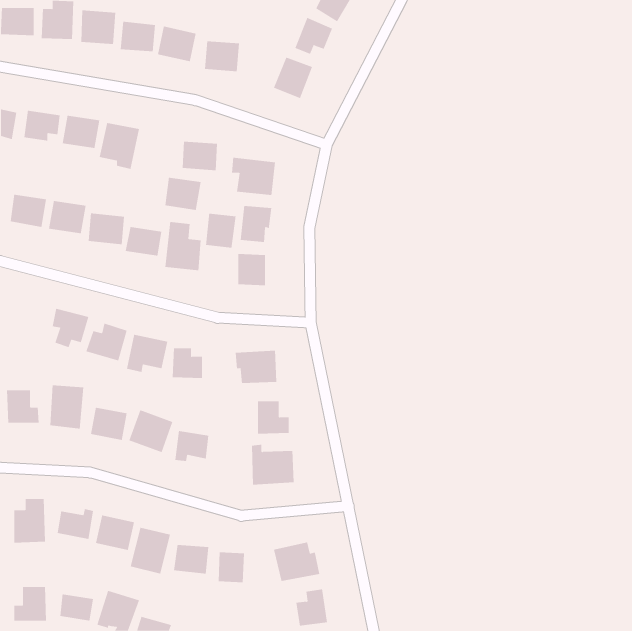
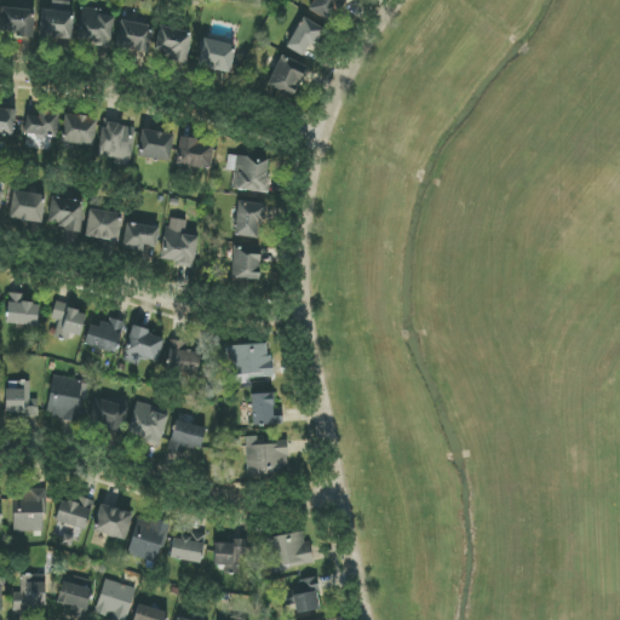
building: [164,177,202,210] -> [138,128,174,161]
building: [206,213,236,248] -> none
building: none -> [6,292,39,326]

